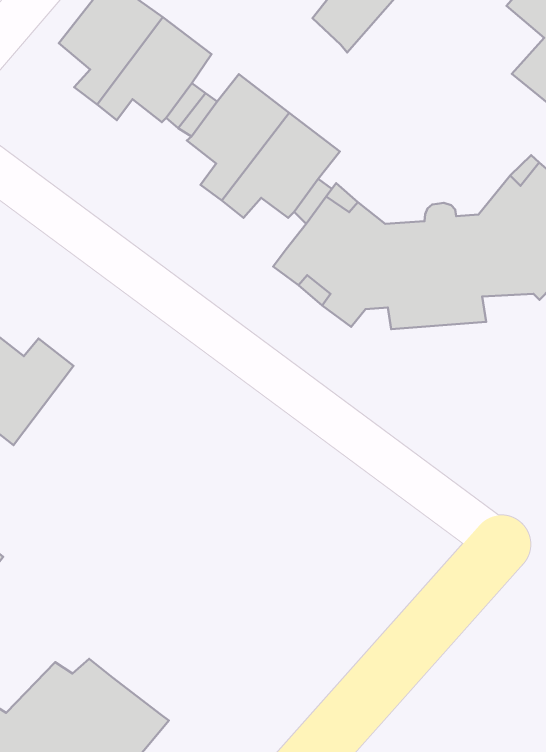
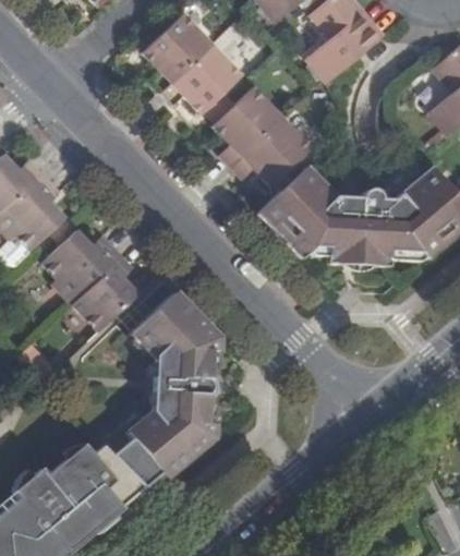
building: none -> [74,257,135,329]
building: none -> [114,294,219,487]

